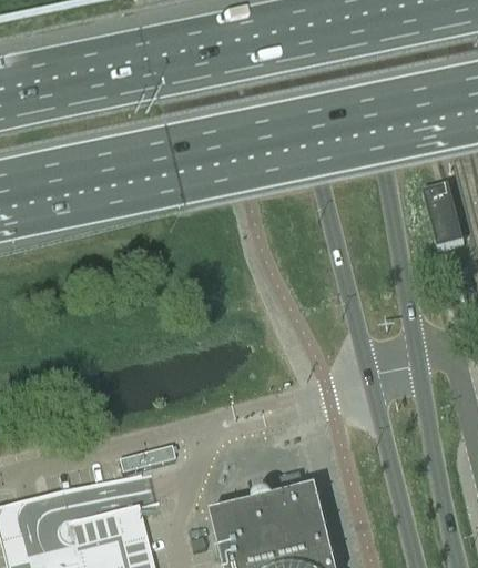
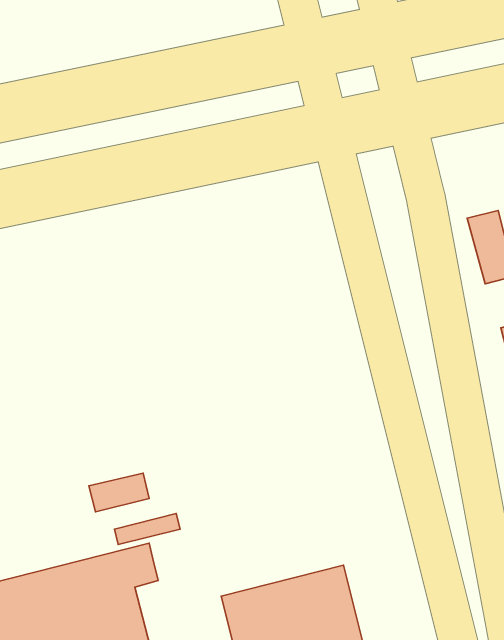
building: none -> [89,473,149,512]

